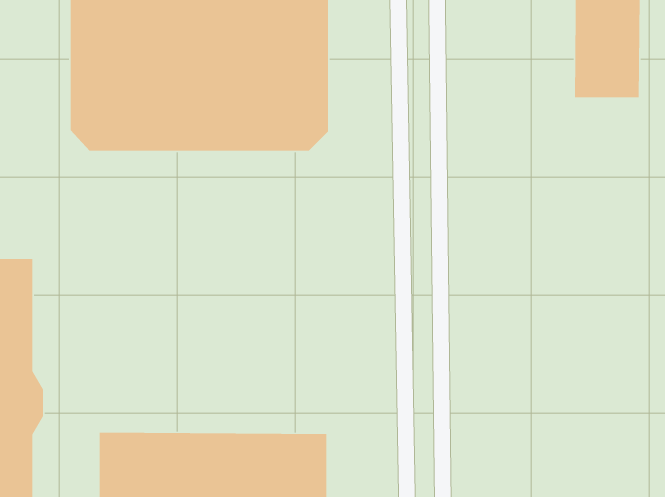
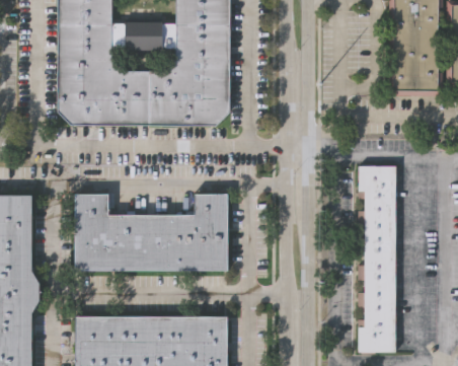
building: none -> [356,165,395,351]
building: none -> [76,192,227,268]

